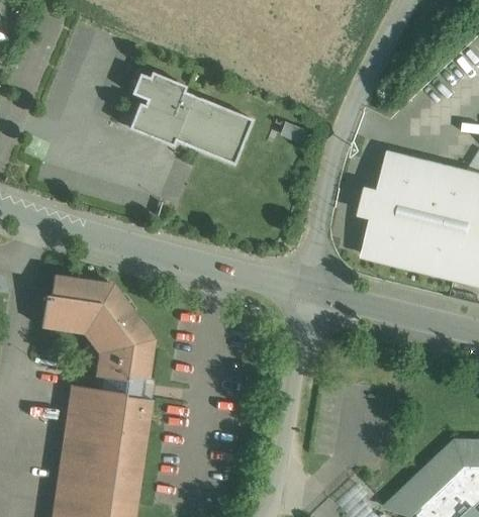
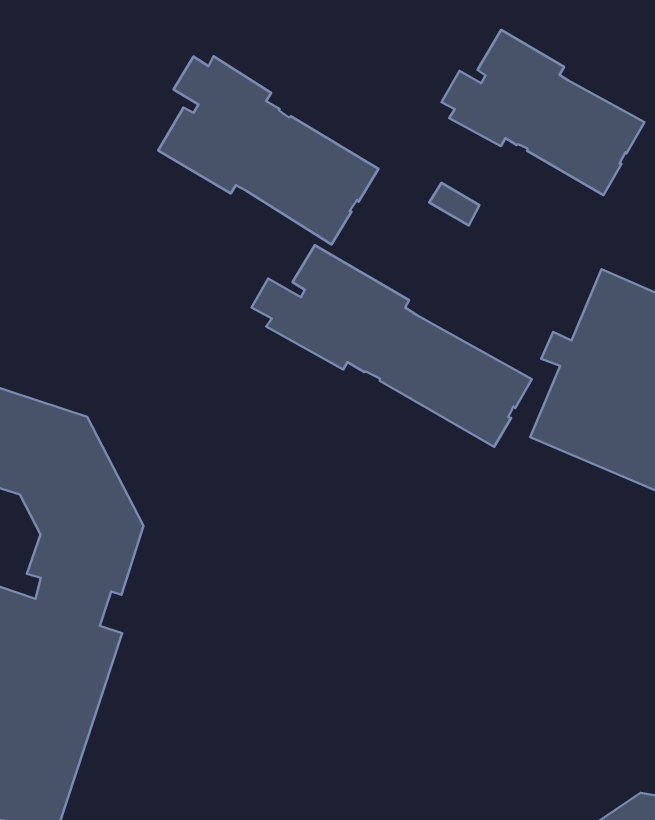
building: none -> [441,30,644,195]
building: none -> [252,245,532,447]

